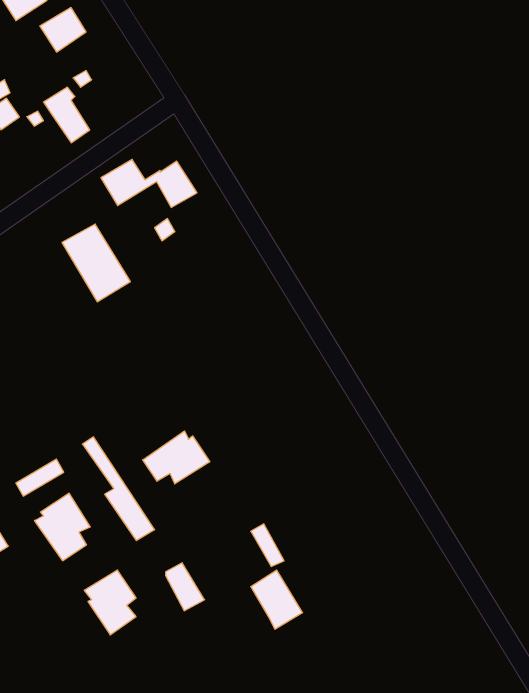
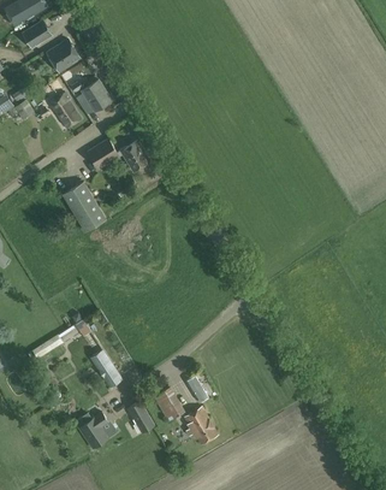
building: none -> [77,79,112,114]
building: [143,431,210,484] -> none
building: [35,493,90,561] -> none
building: none -> [155,388,185,421]

